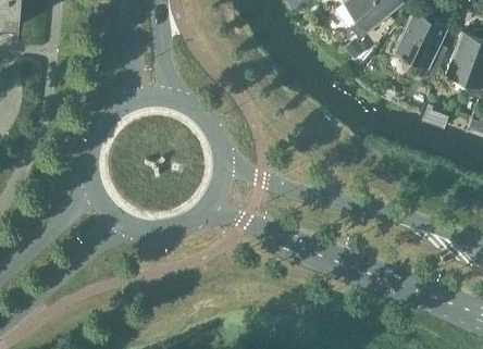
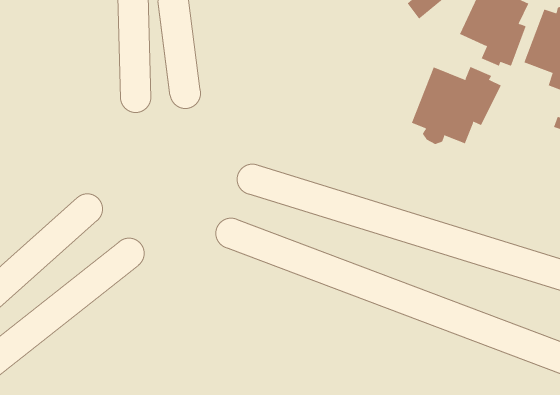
building: none -> [411,66,502,145]

